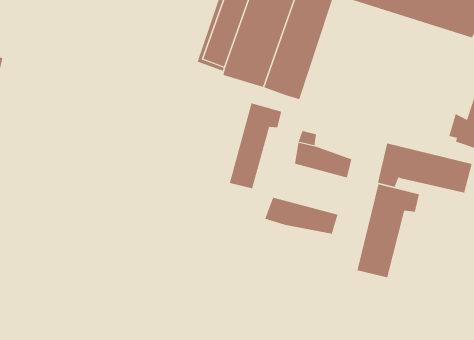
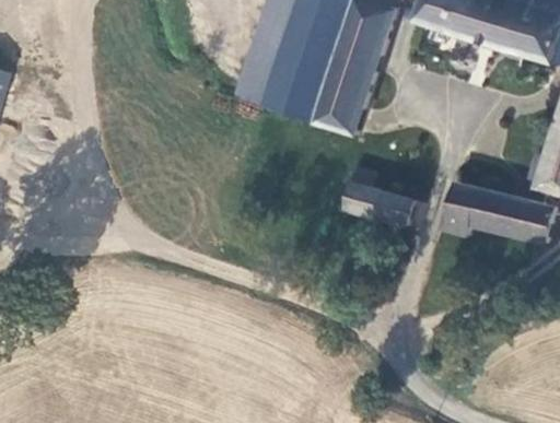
building: [229,103,282,189] -> none
building: [357,183,419,278] -> none
building: [264,197,338,234] -> none

